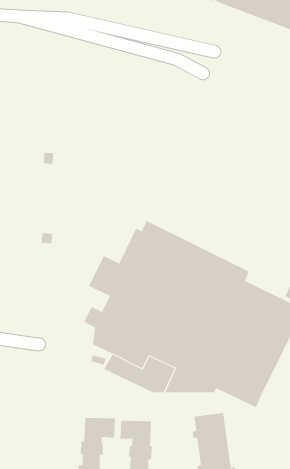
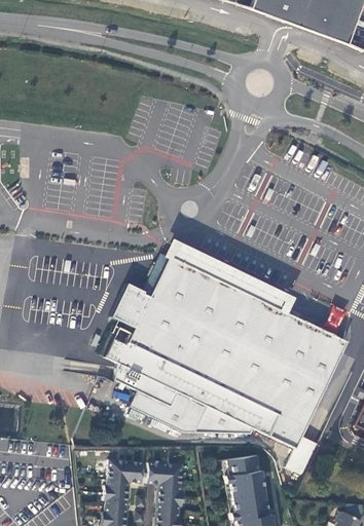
building: none -> [285,435,318,476]

